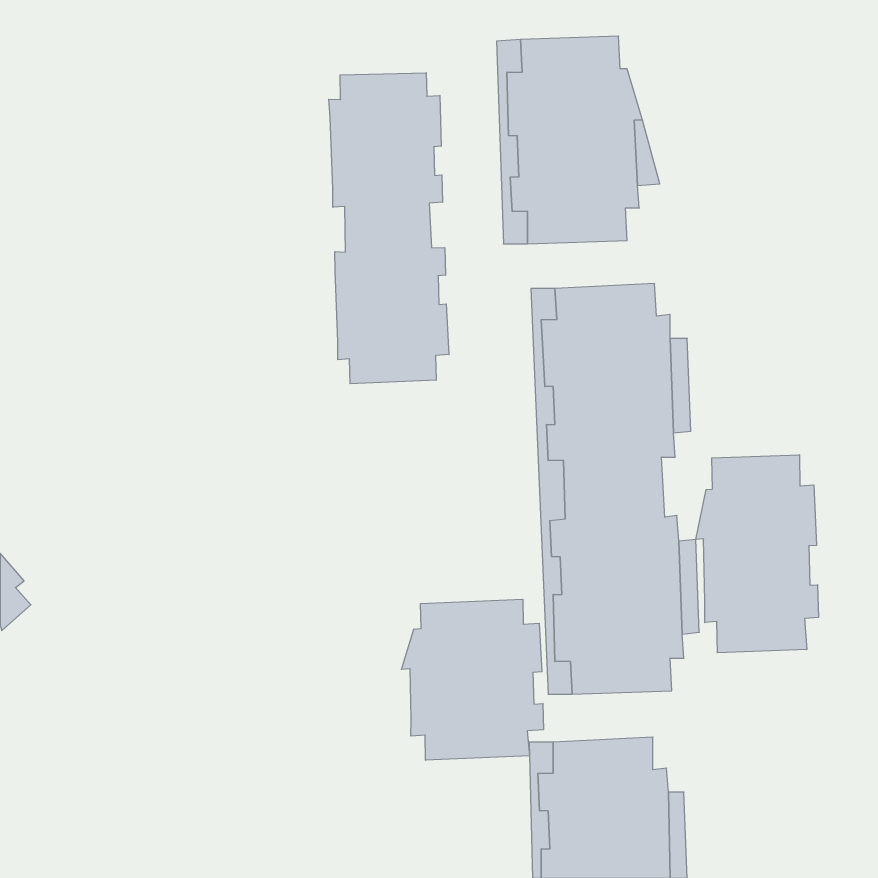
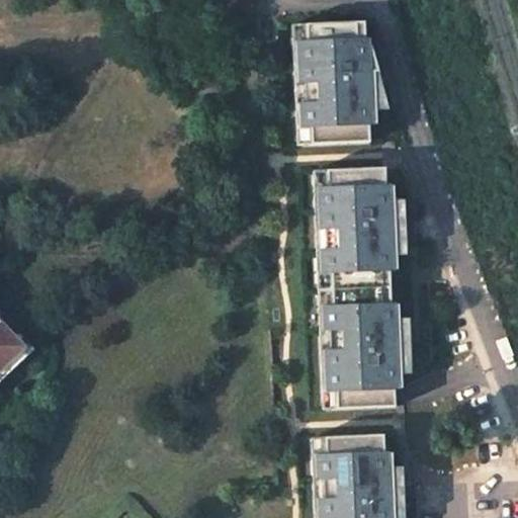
building: [329,73,449,384] -> none
building: [696,455,818,653] -> none
building: [401,599,543,760] -> none

